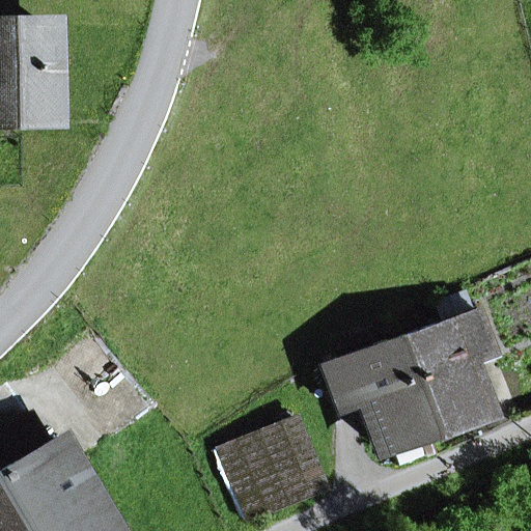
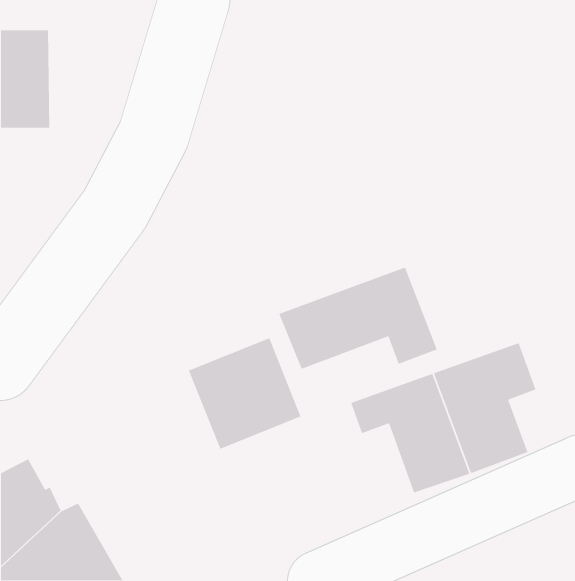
building: none -> [278,266,438,370]
building: [223,418,327,521] -> [188,337,302,450]

